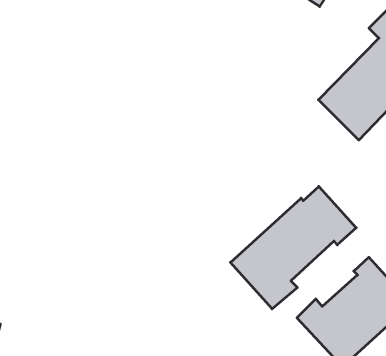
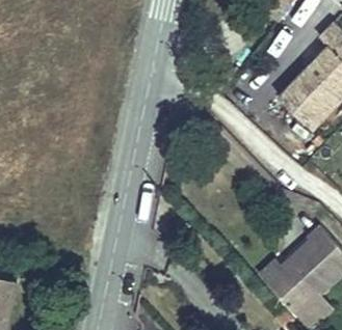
building: [230,186,356,309] -> none

